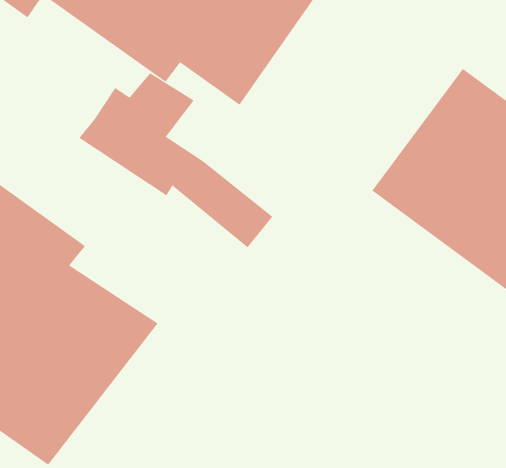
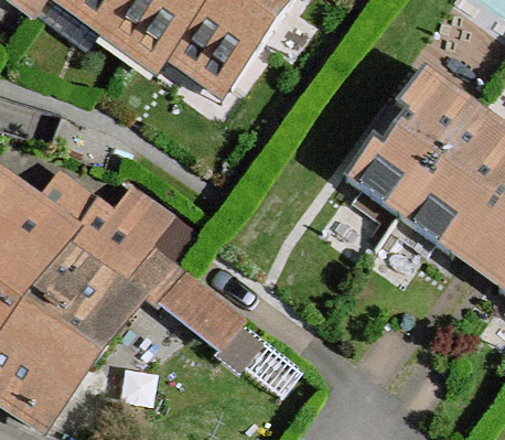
building: [78,73,273,248] -> [68,186,246,346]

